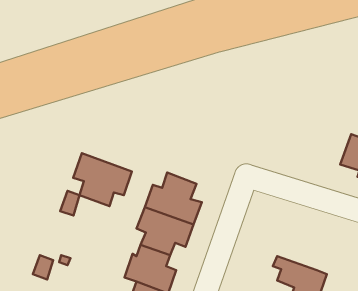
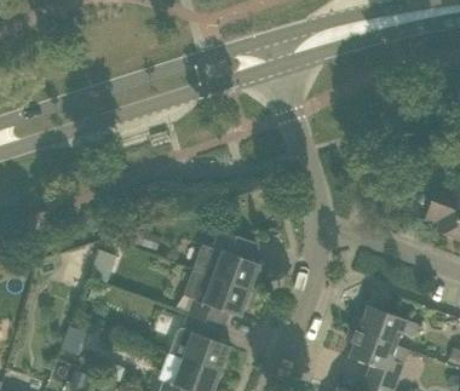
building: [73,153,132,206] -> none
building: none -> [350,306,416,345]

